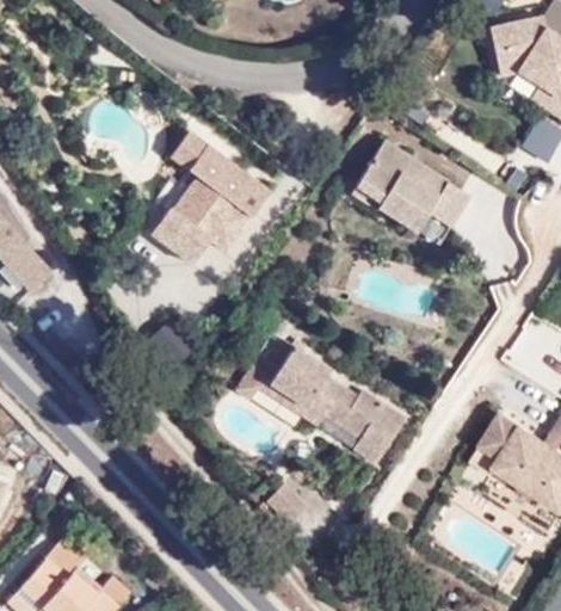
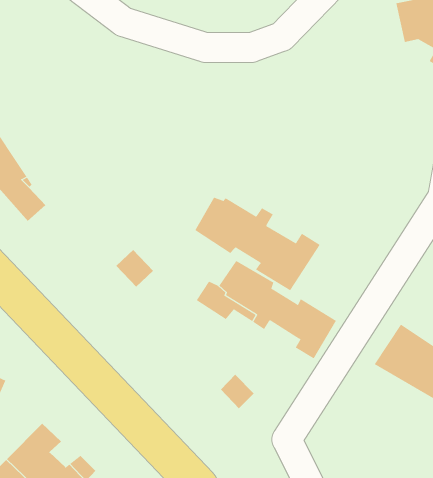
building: [154,131,259,266] -> none
building: [353,140,475,234] -> none
building: none -> [194,197,320,291]

